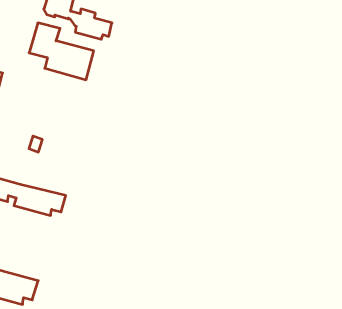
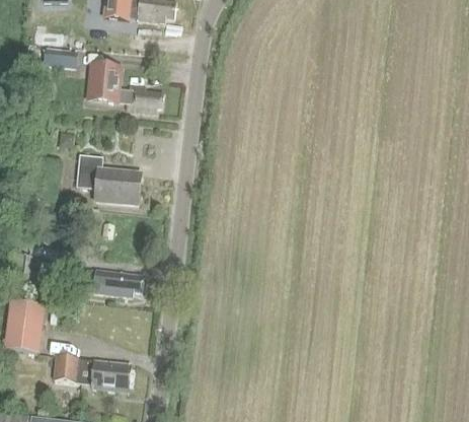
building: [29,23,94,80] -> [78,156,143,206]

